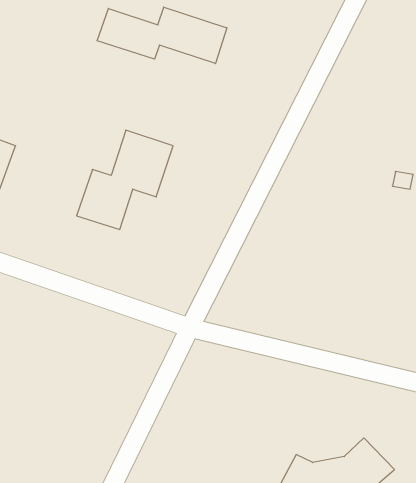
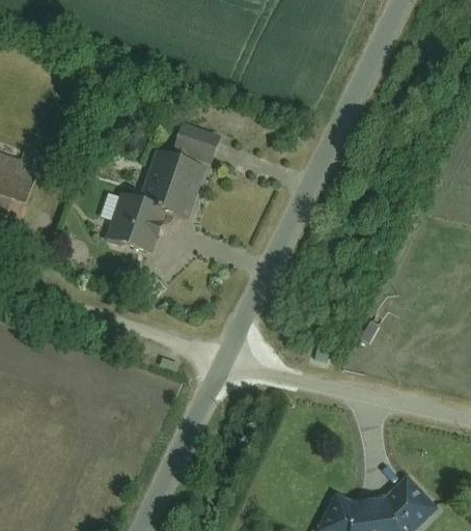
building: [97,7,227,64] -> none
building: none -> [171,124,219,167]

